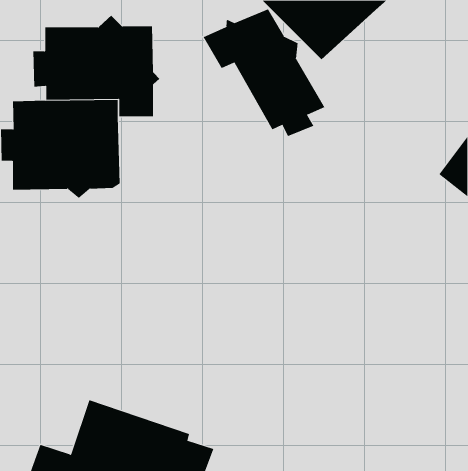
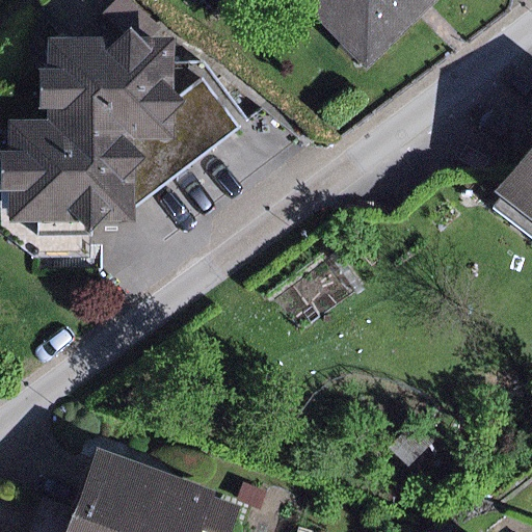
building: [203,8,325,137] -> none
building: none -> [133,73,245,209]

